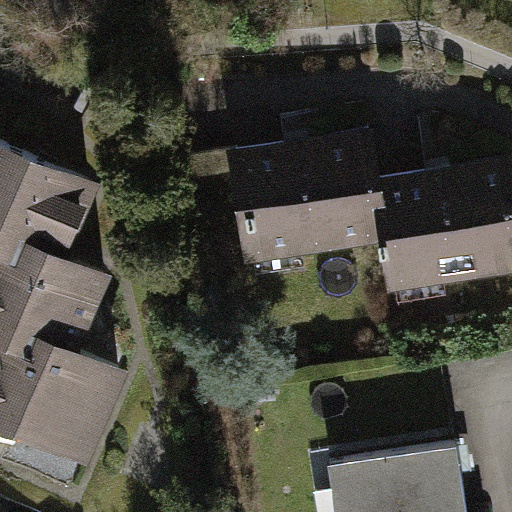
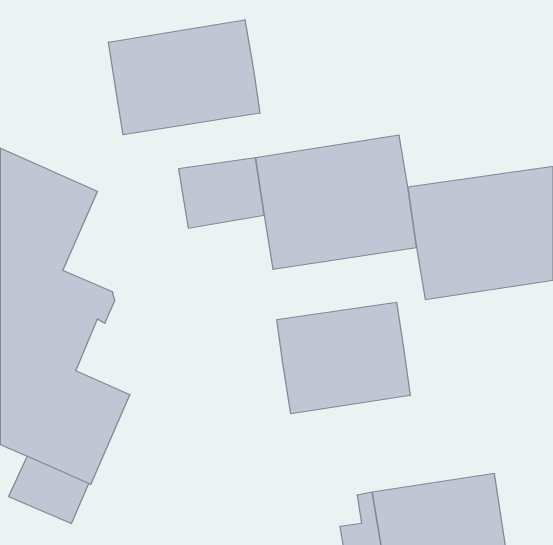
building: none -> [109,20,260,135]
building: none -> [277,302,410,414]

